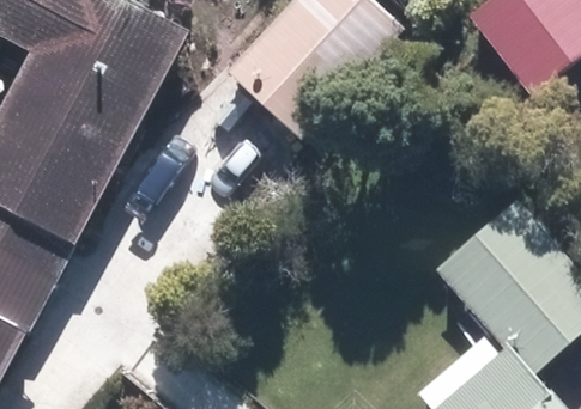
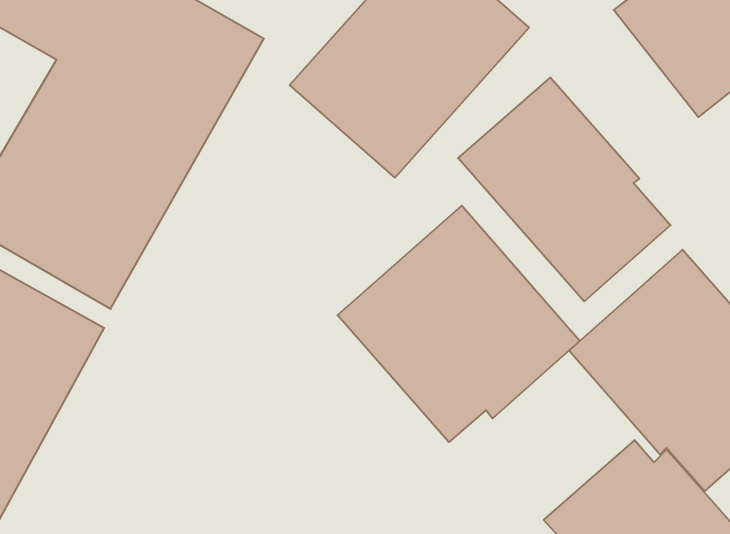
building: none -> [458,78,671,301]
building: none -> [337,206,580,442]

